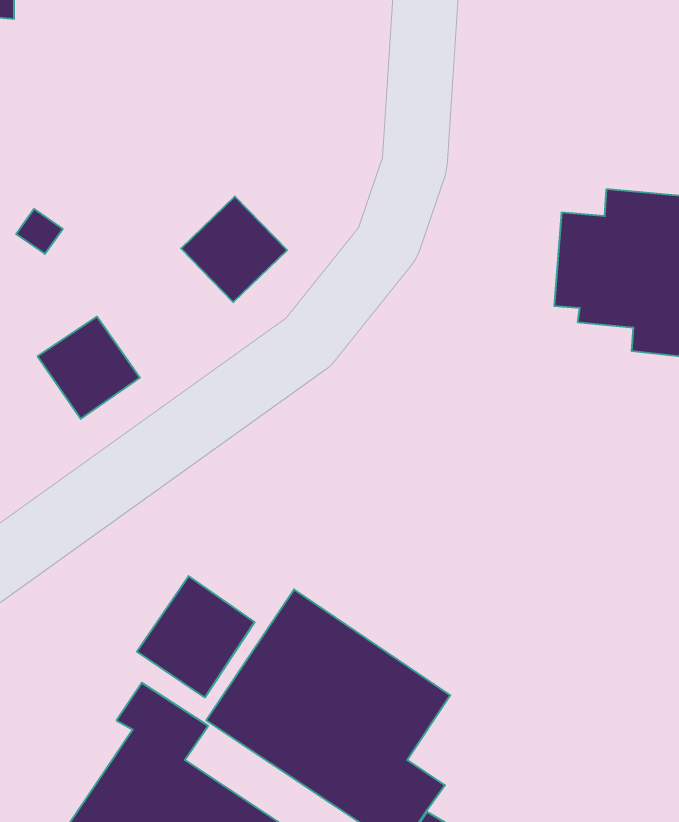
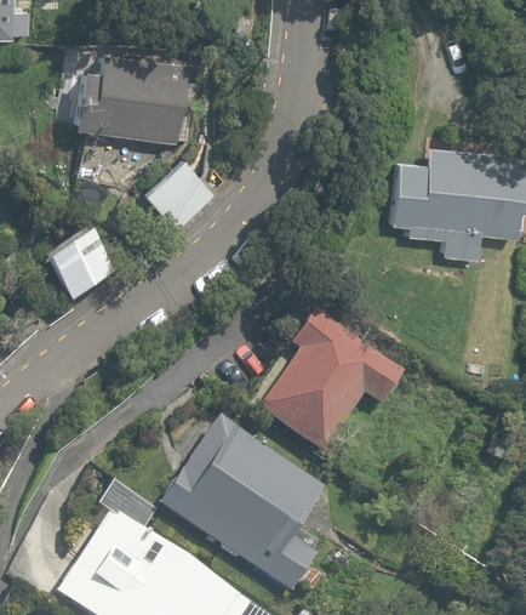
building: none -> [76,51,199,142]
building: none -> [258,309,404,451]
building: [137,576,255,697] -> none

